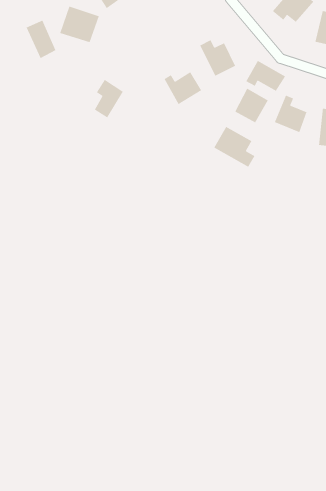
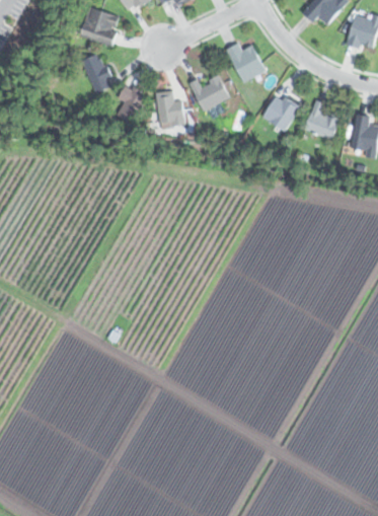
building: [26,20,56,59] -> [81,52,114,93]
building: [245,60,286,92] -> none
building: none -> [157,90,184,128]
building: [213,126,255,168] -> none

